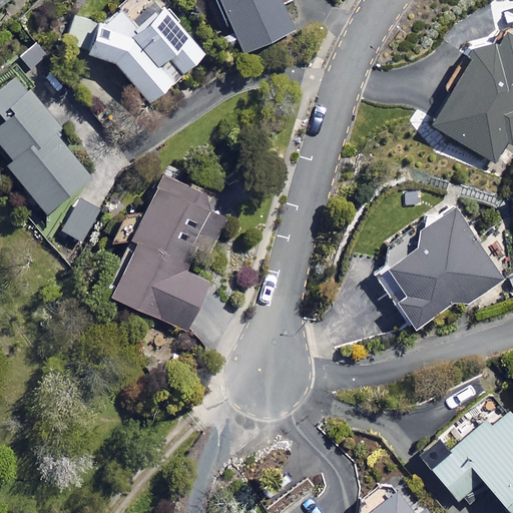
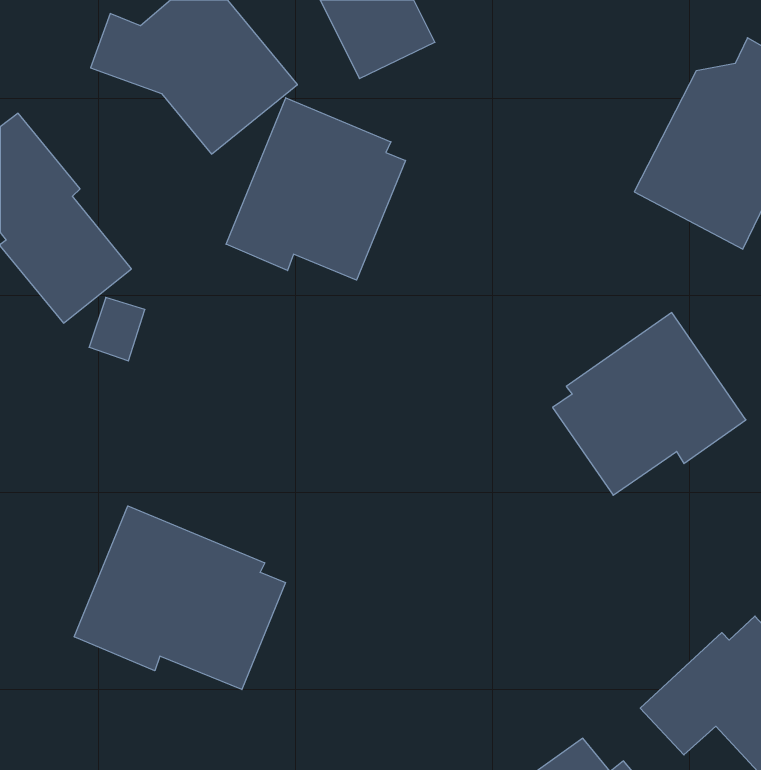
building: none -> [226,98,405,280]
building: [108,170,236,331] -> none
building: none -> [74,506,286,690]

